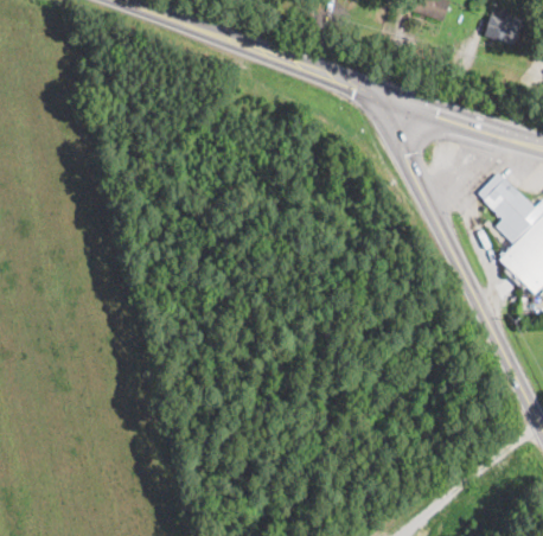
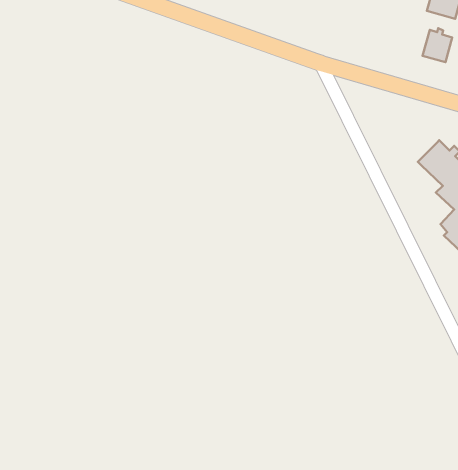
building: none -> [423,28,452,62]

